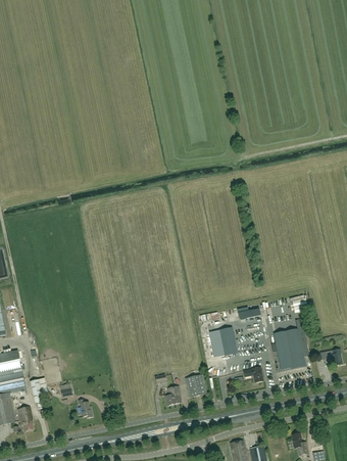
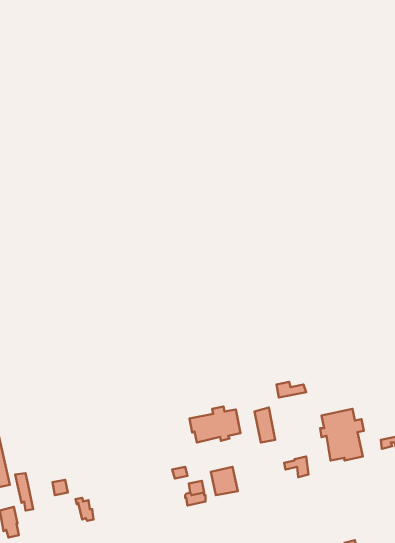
building: none -> [189,407,241,442]

